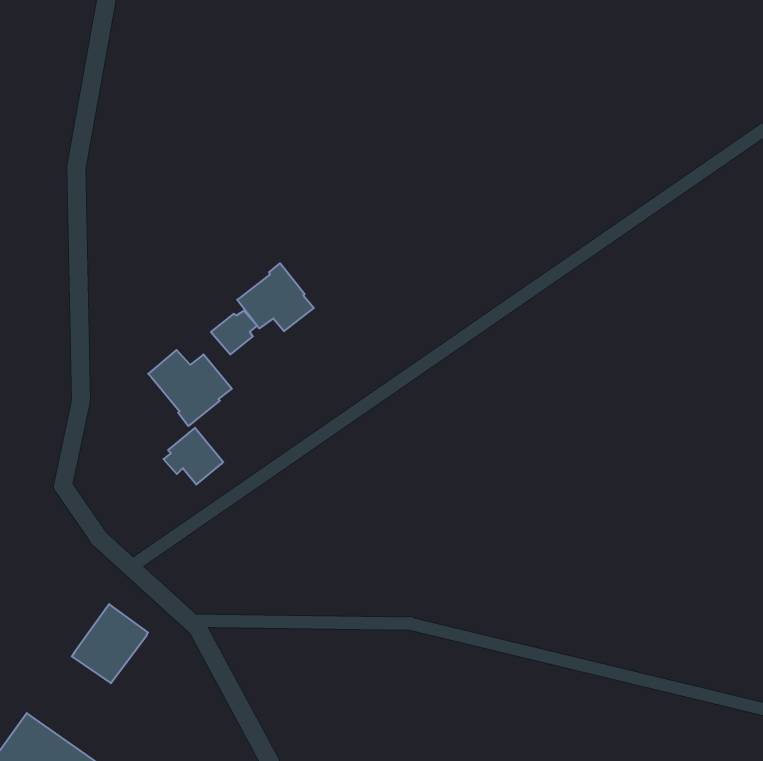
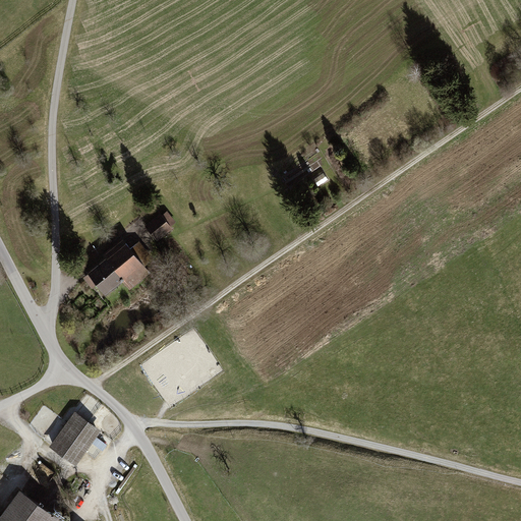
building: [237,263,314,331] -> none
building: [163,428,223,485] -> [81,258,122,297]

